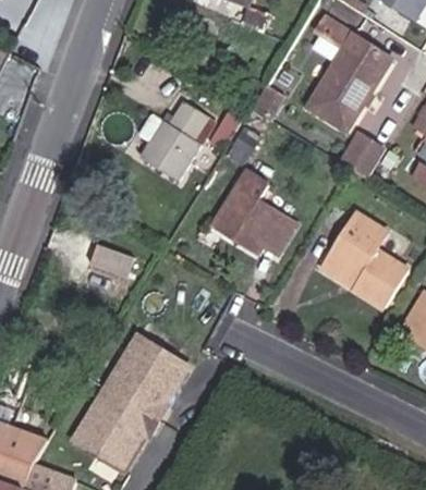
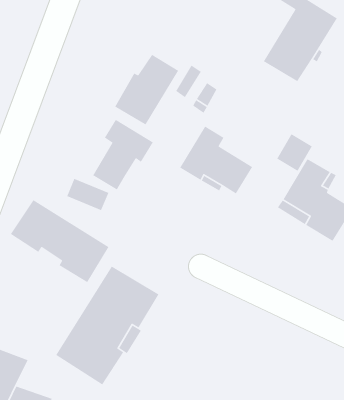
building: [342,135,382,177] -> [276,133,313,172]
building: none -> [92,119,154,190]
building: none -> [10,199,109,283]

